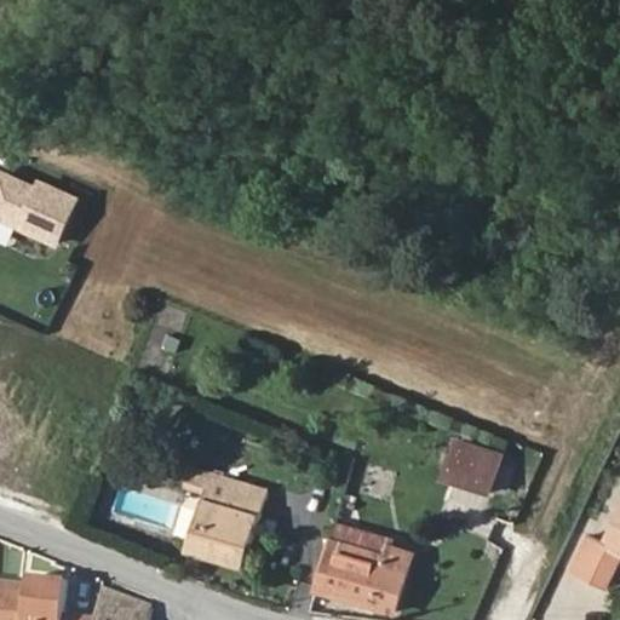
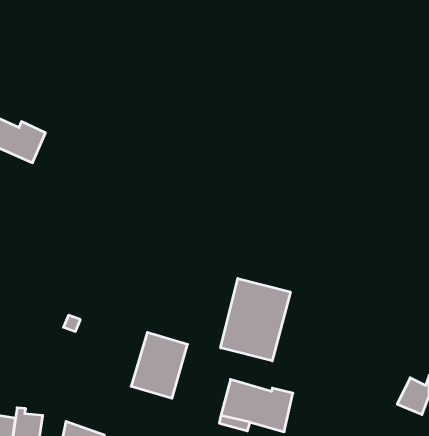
building: none -> [221,278,290,361]
building: [434,434,489,482] -> none

